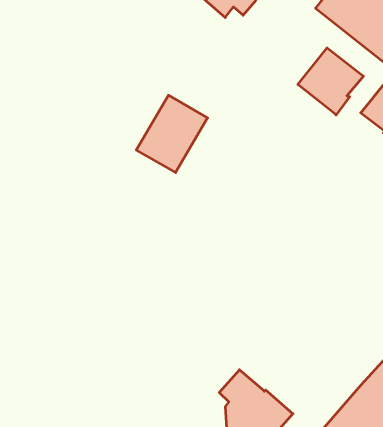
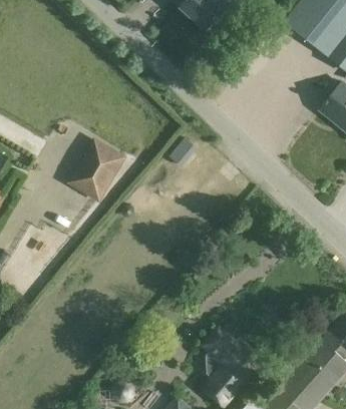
building: [298,48,363,115] -> none
building: [136,95,208,173] -> [66,137,126,202]

